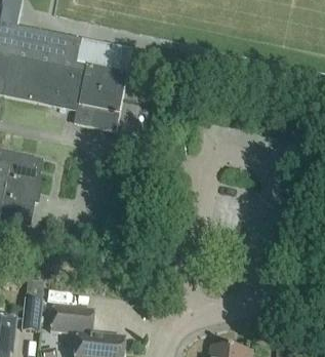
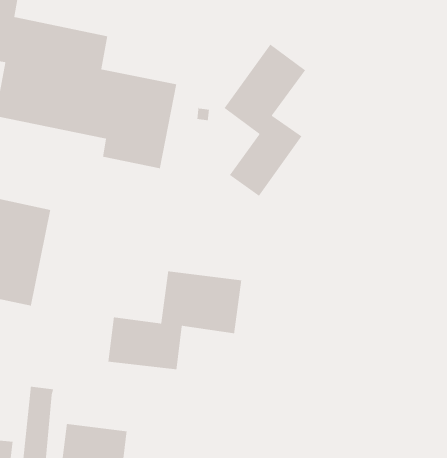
building: none -> [224,43,306,197]
building: none -> [108,270,242,370]

